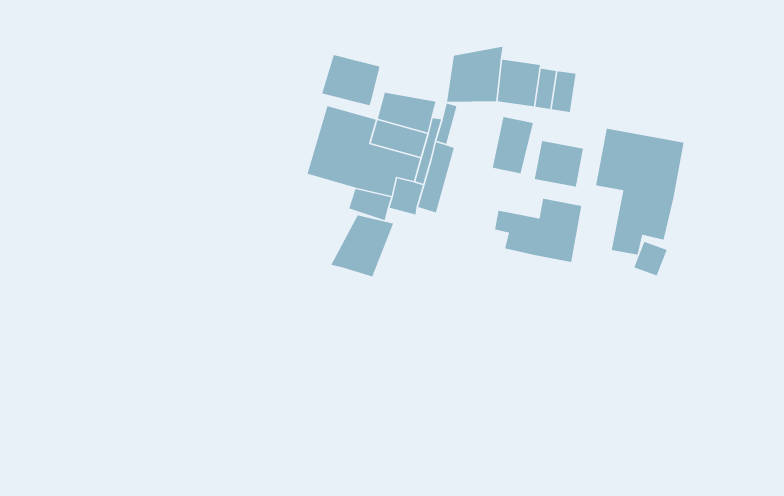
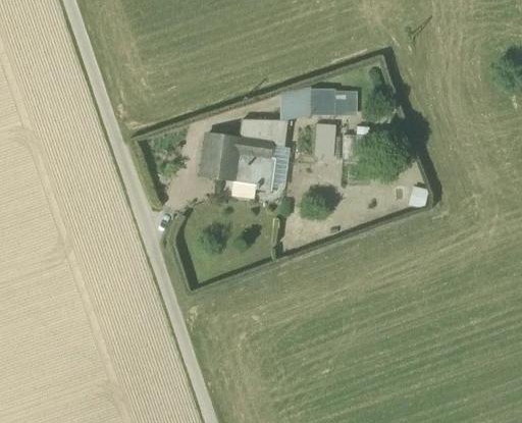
building: [321,54,380,106] -> none
building: [595,128,685,256] -> none
building: [494,198,582,263] -> none
building: [330,214,394,277] -> none

